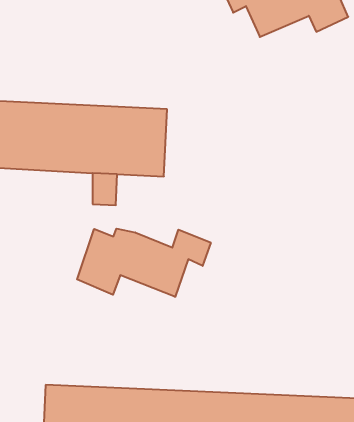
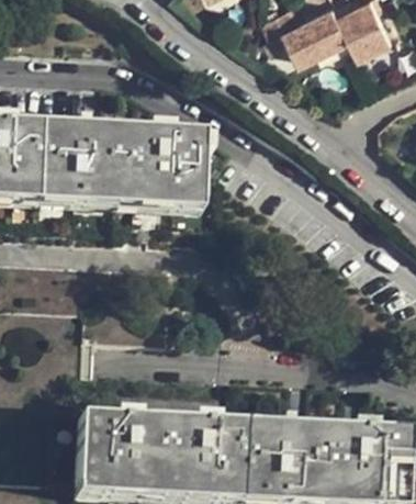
building: [77,229,211,297] -> none

